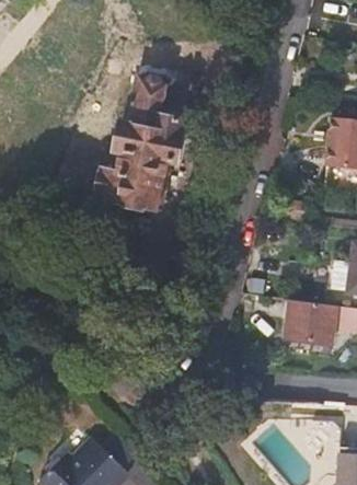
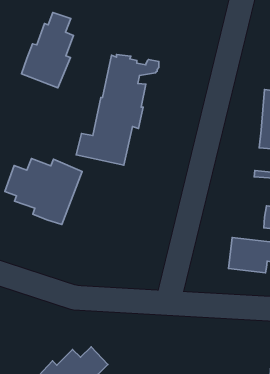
building: none -> [21,12,74,88]
building: none -> [5,158,82,225]

